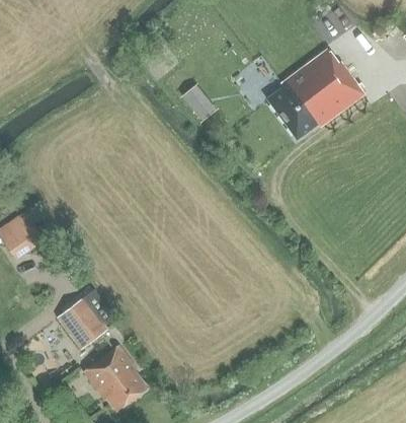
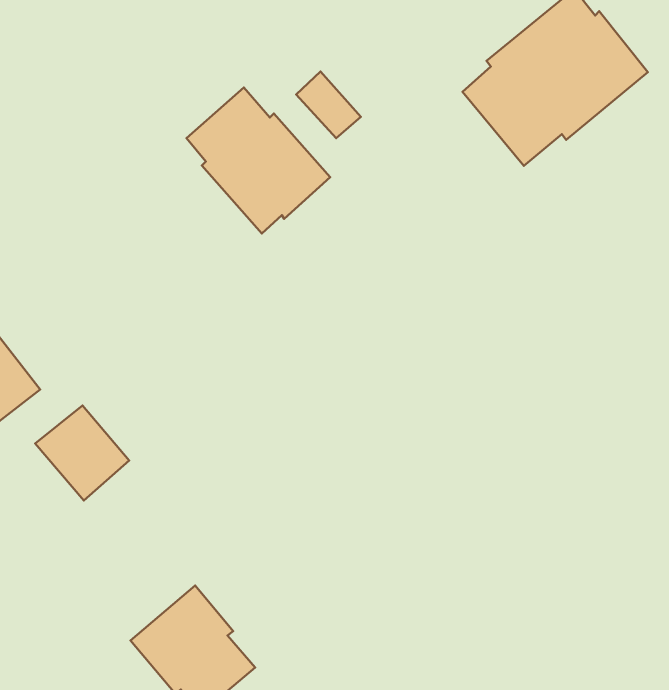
building: none -> [186,88,330,233]
building: [58,298,105,347] -> [35,405,129,501]

